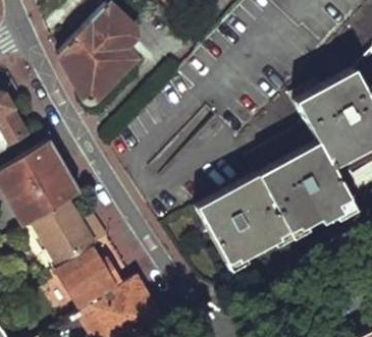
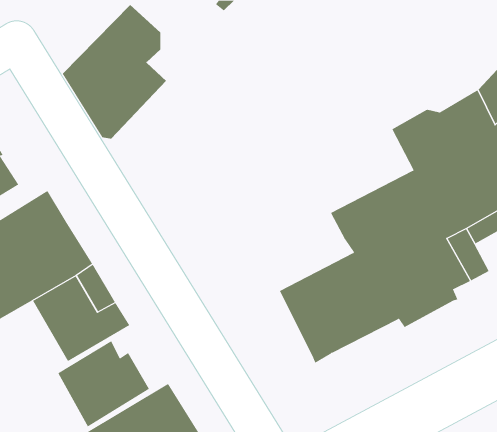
building: [201,174,267,262] -> none

